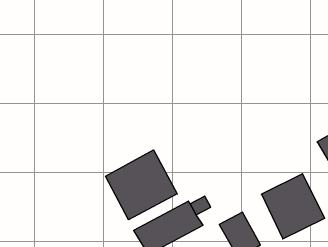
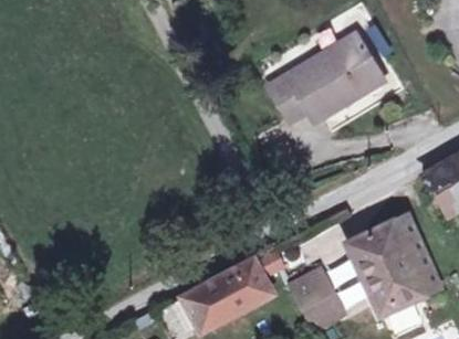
building: none -> [267,34,376,120]
building: [106,150,177,220] -> none

